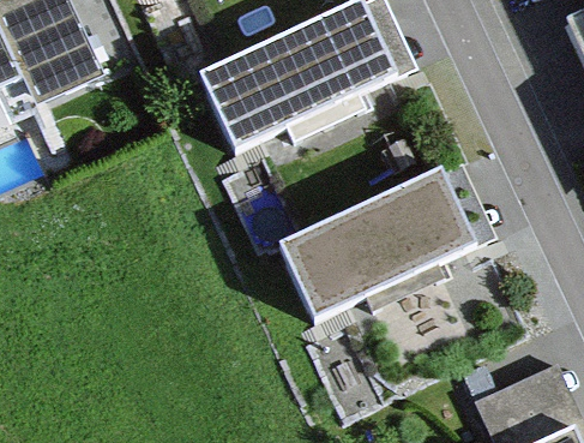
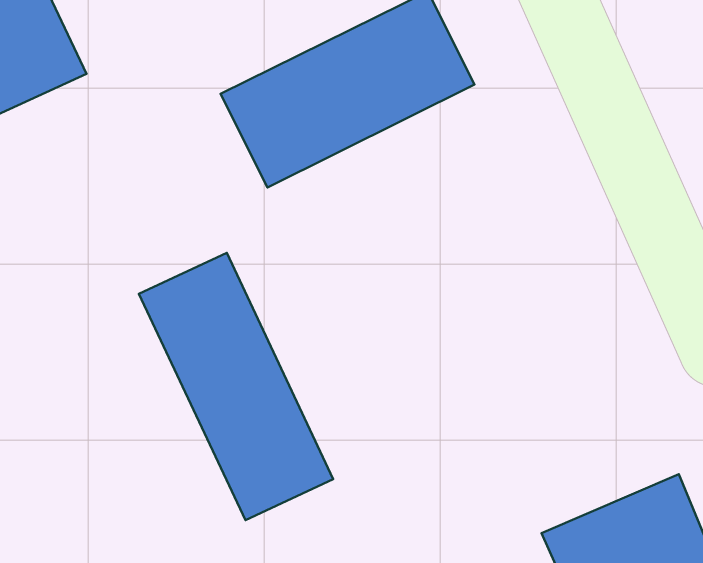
building: [283,172,477,319] -> none
building: none -> [139,253,333,520]

